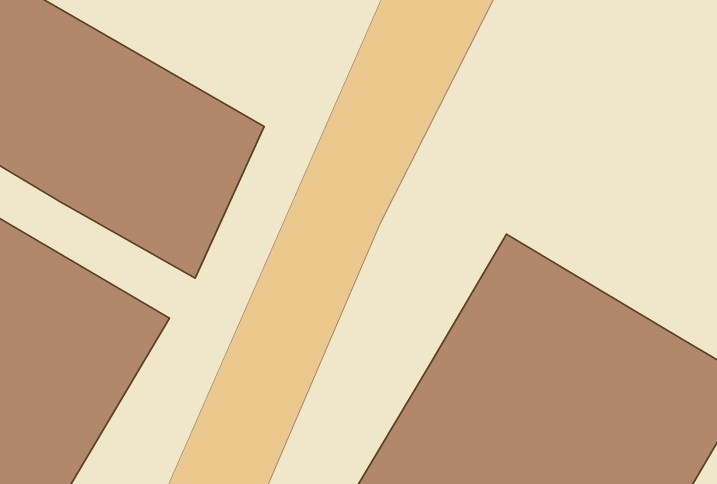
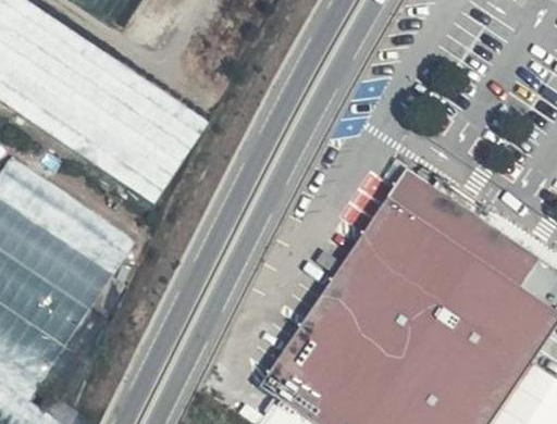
building: none -> [386,170,533,284]

